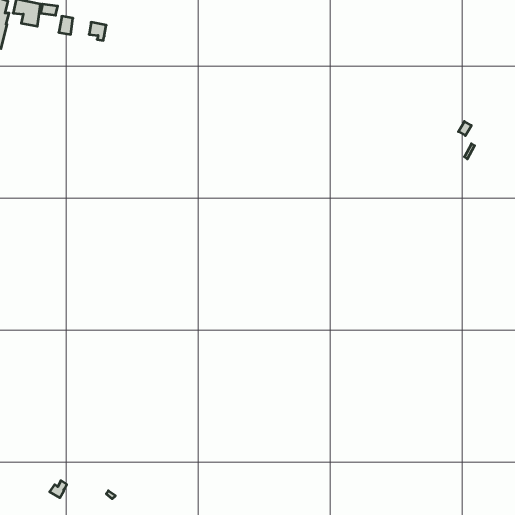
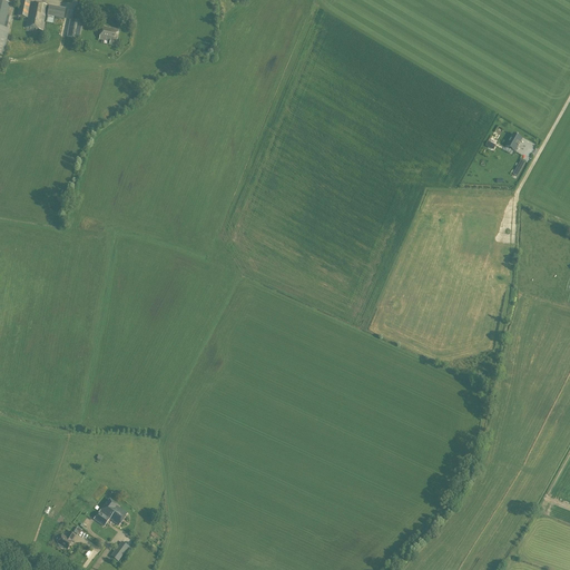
building: none -> [92,497,126,524]

